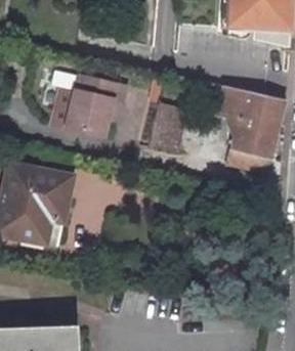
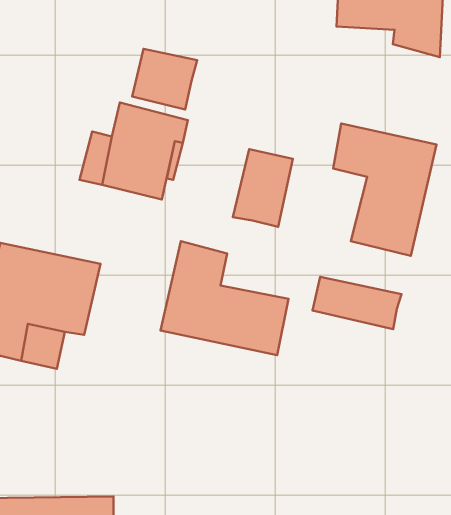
building: none -> [132,49,197,110]
building: none -> [161,241,288,355]
building: none -> [313,277,401,329]

